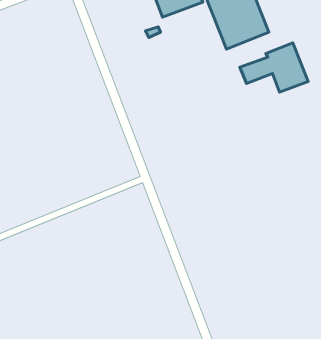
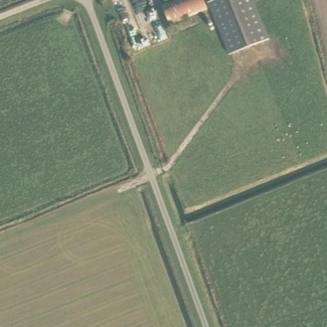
building: [240,43,308,92] -> none

